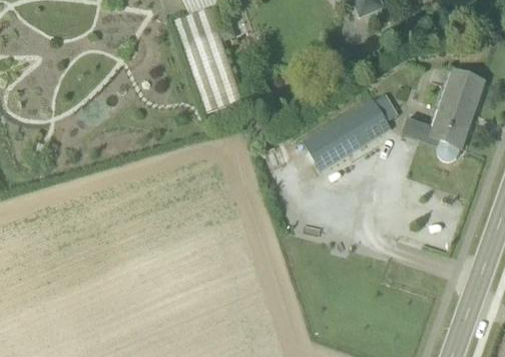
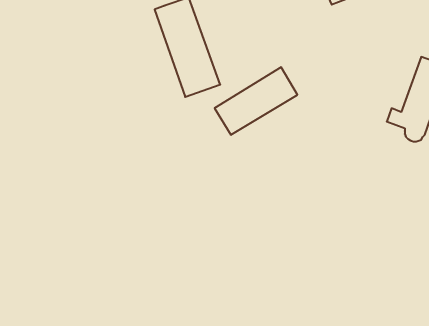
building: [303,96,390,167] -> [215,67,297,135]

